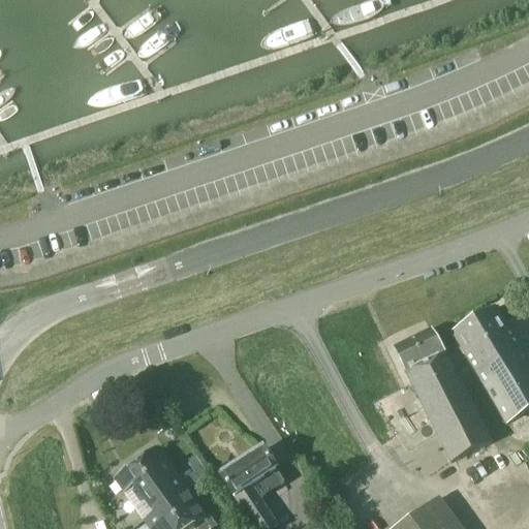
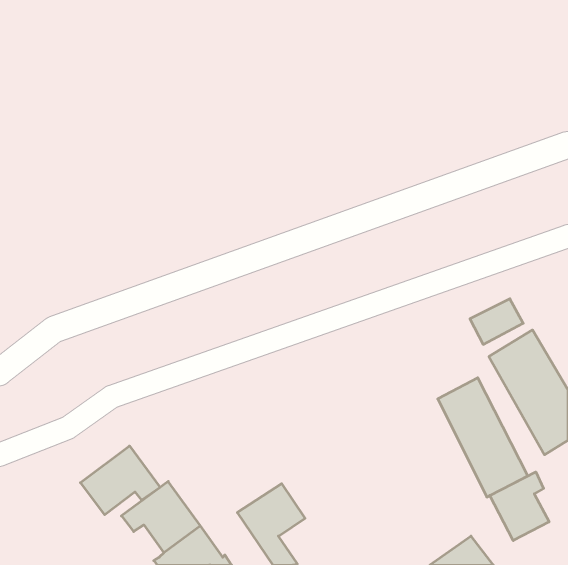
building: [394,328,443,370] -> [470,299,523,344]
building: none -> [80,446,160,515]
building: none -> [490,472,549,541]

